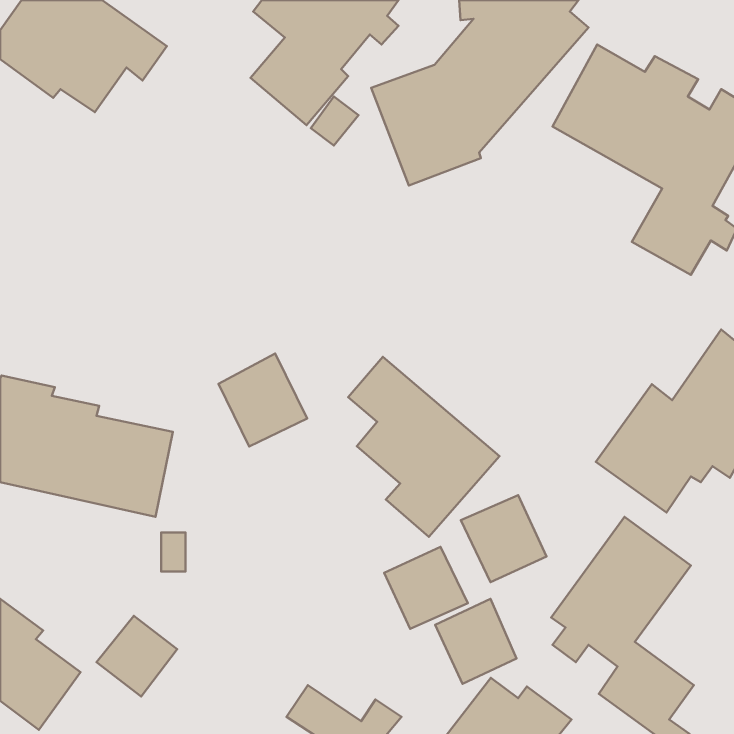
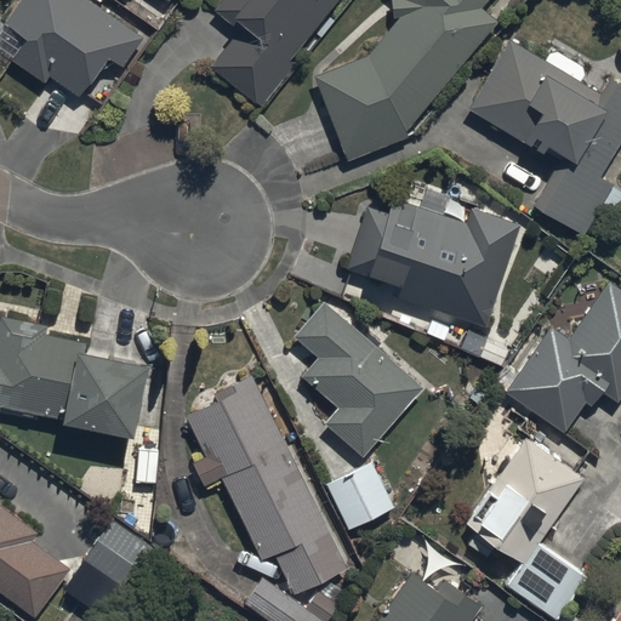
building: none -> [346,199,519,326]
building: [218,354,307,446] -> none
building: none -> [186,376,347,593]
building: [461,495,546,582] -> none
building: [435,599,517,684] -> none

